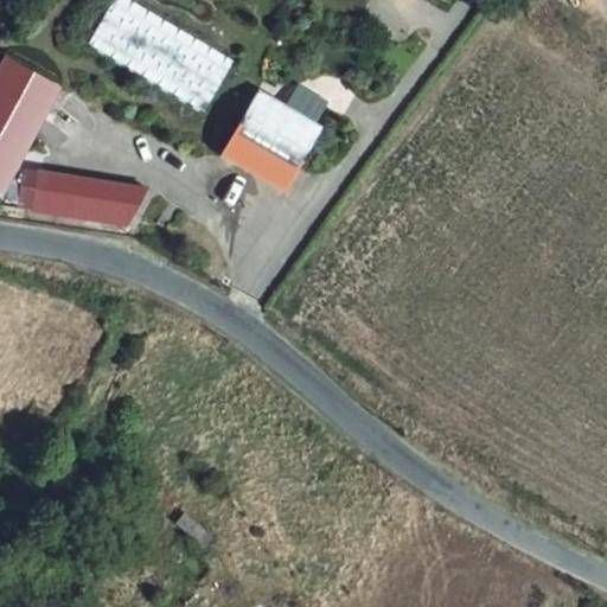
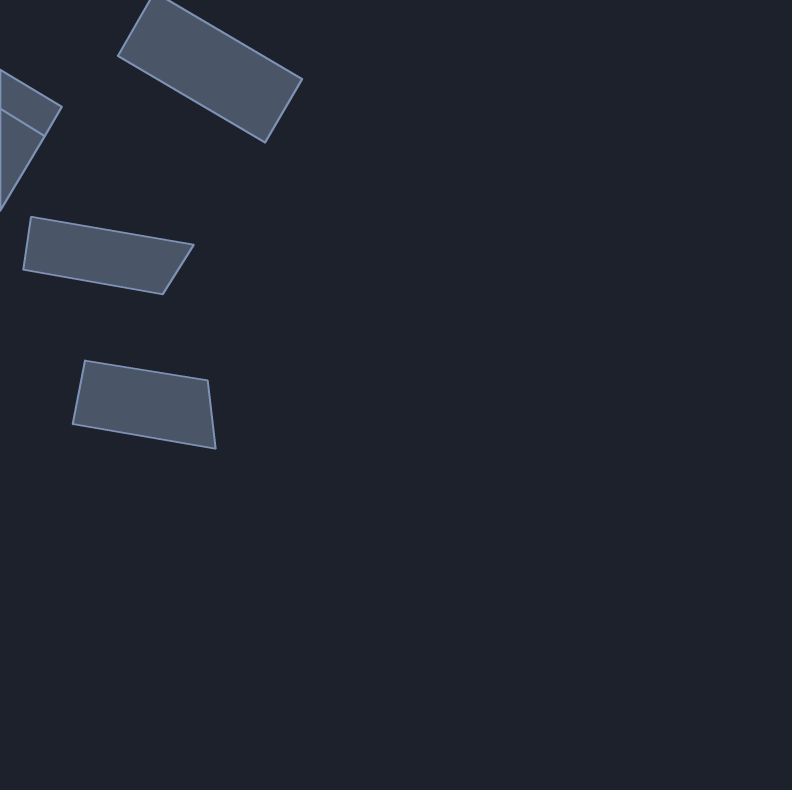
building: [218,83,327,196] -> none
building: none -> [73,360,215,449]

